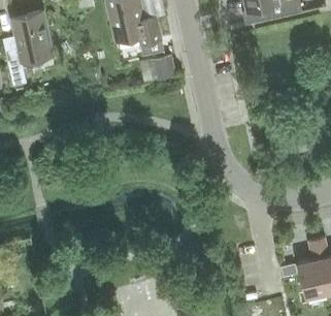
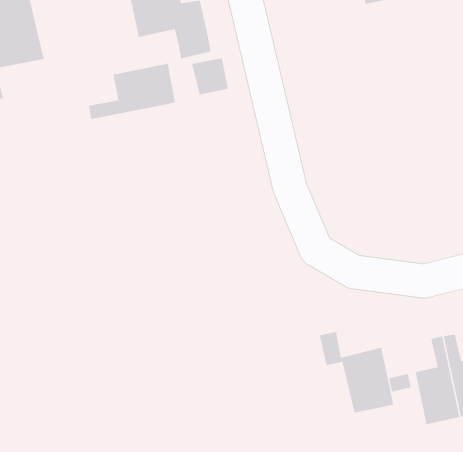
building: none -> [88,63,176,120]
building: none -> [319,331,394,413]

